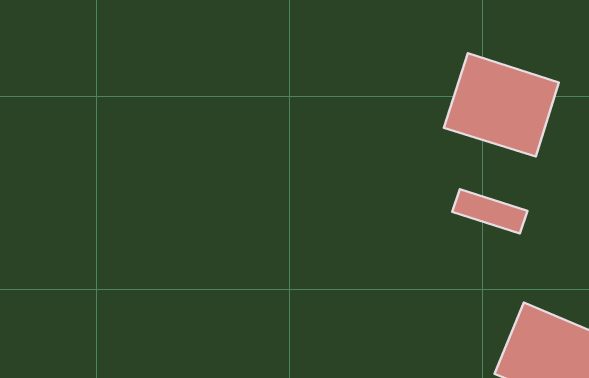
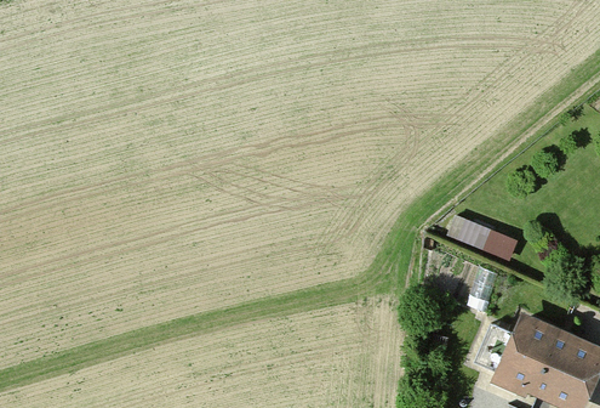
building: [444,53,559,156] -> none

